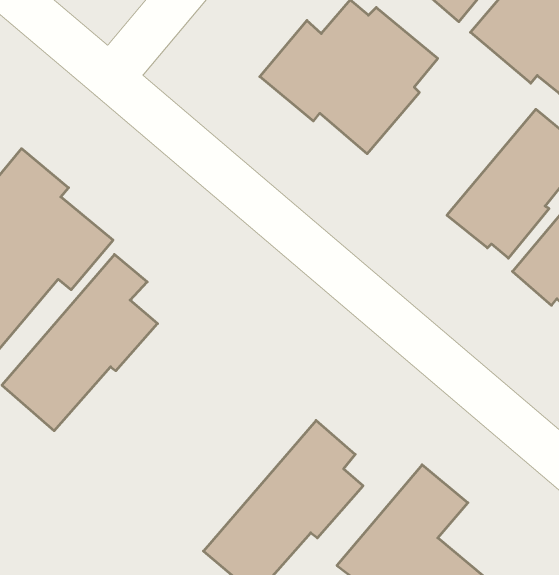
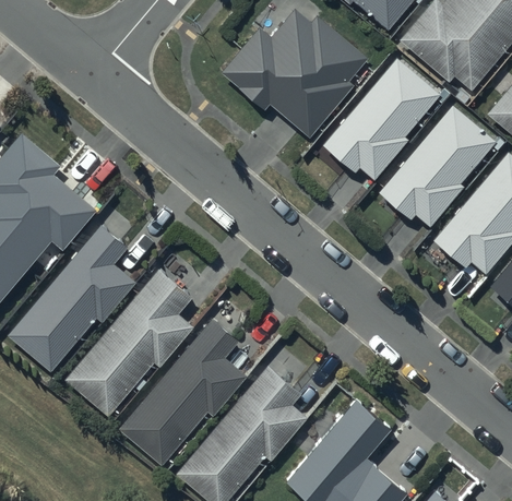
building: none -> [318,55,440,181]
building: none -> [63,267,193,417]
building: none -> [118,318,246,466]

